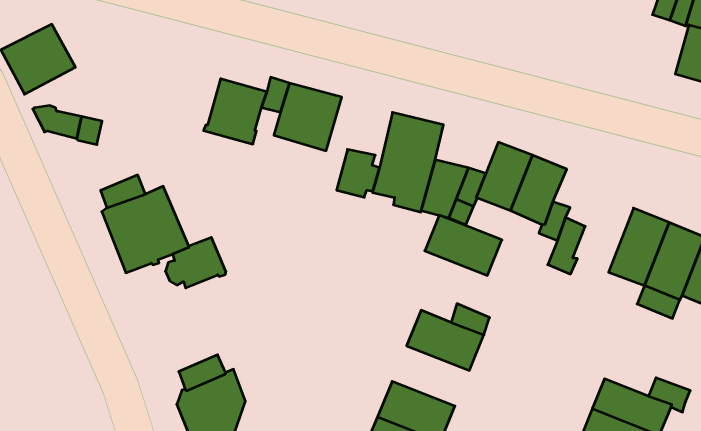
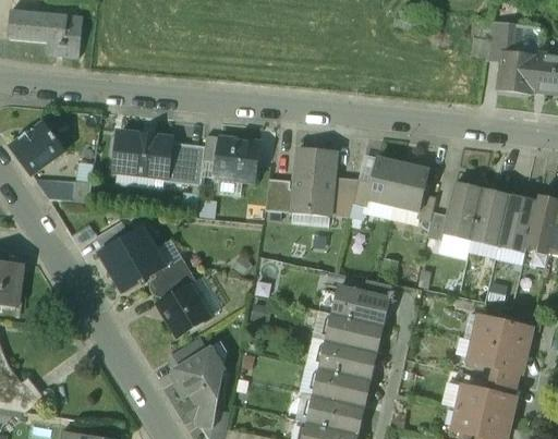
building: none -> [113,131,170,176]
building: none -> [444,184,482,239]
building: [425,215,502,275] -> [327,314,381,352]
building: none -> [158,283,209,336]

